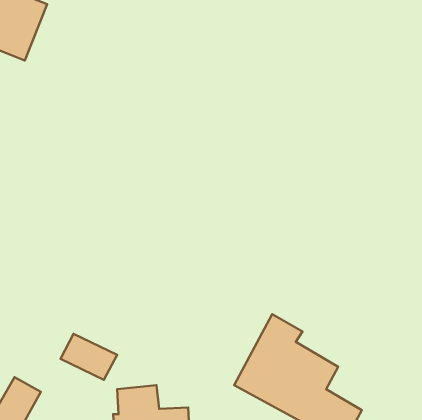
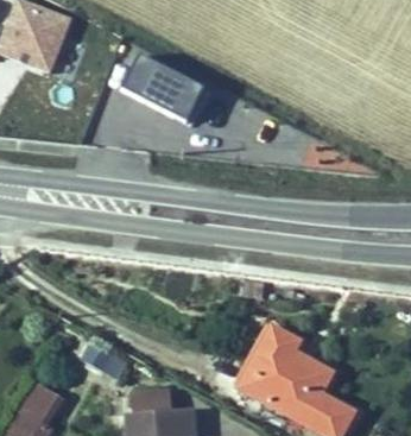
building: none -> [120,57,207,122]

